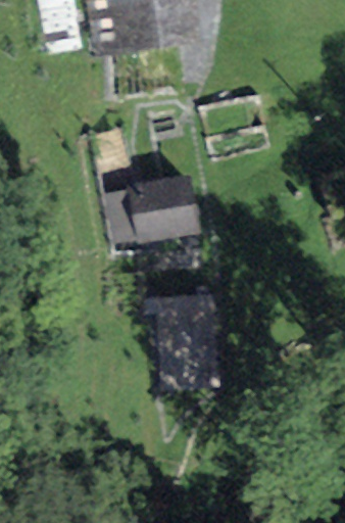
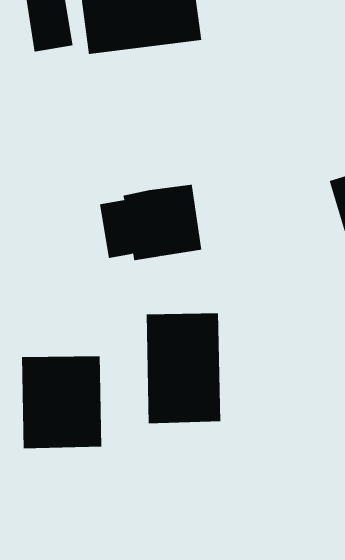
building: none -> [21,356,102,449]

